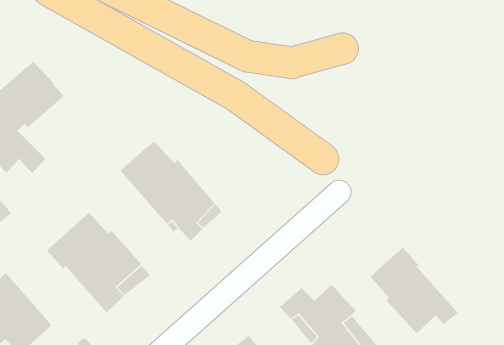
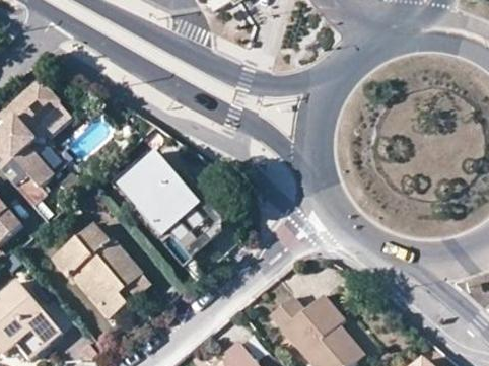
building: [370,246,458,334] -> none

